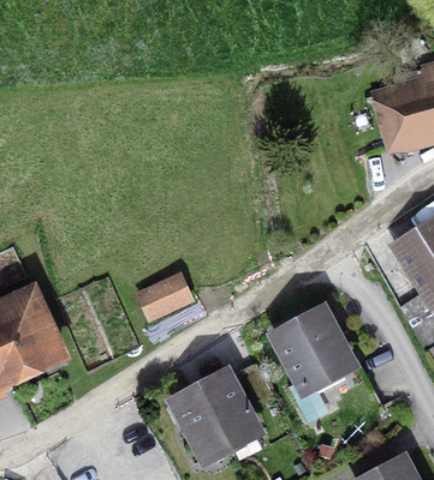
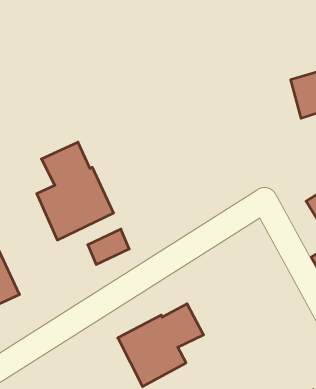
building: none -> [37,142,114,240]
building: [277,311,350,421] -> none

